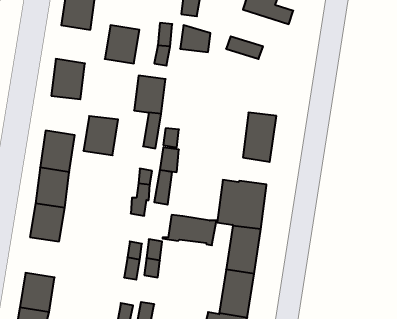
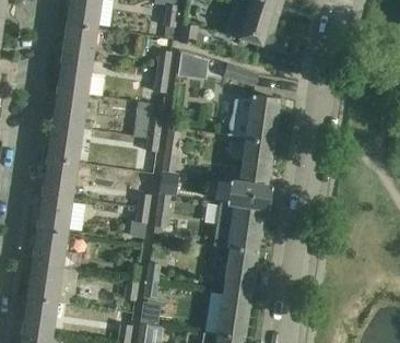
building: [105,25,139,63] -> [57,54,91,91]
building: none -> [227,95,279,142]
building: [83,116,118,155] -> [47,122,81,161]
building: [163,215,216,245] -> [220,181,272,211]
building: none -> [27,260,60,299]

